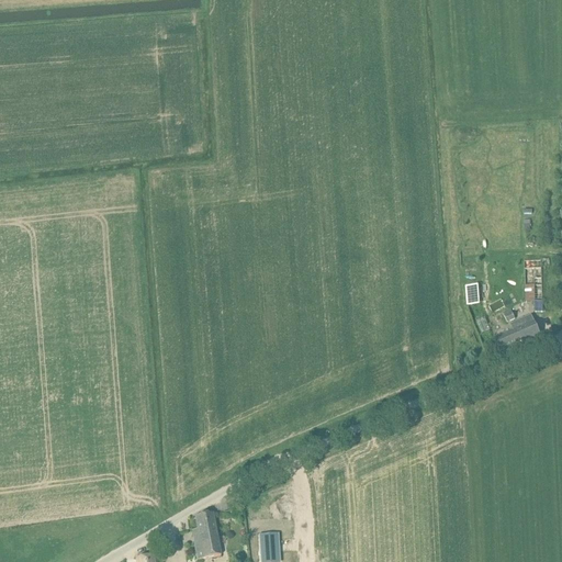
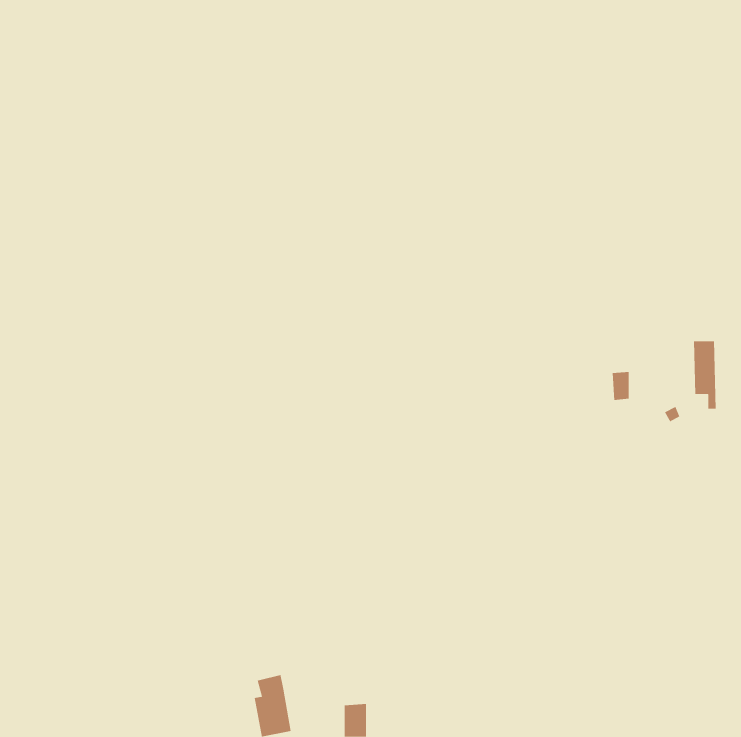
building: [495,314,539,349] -> none

